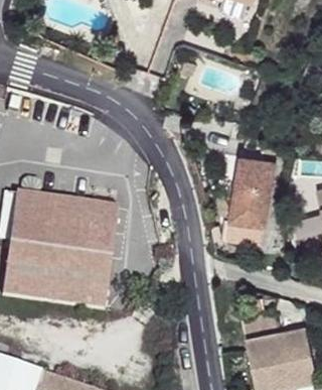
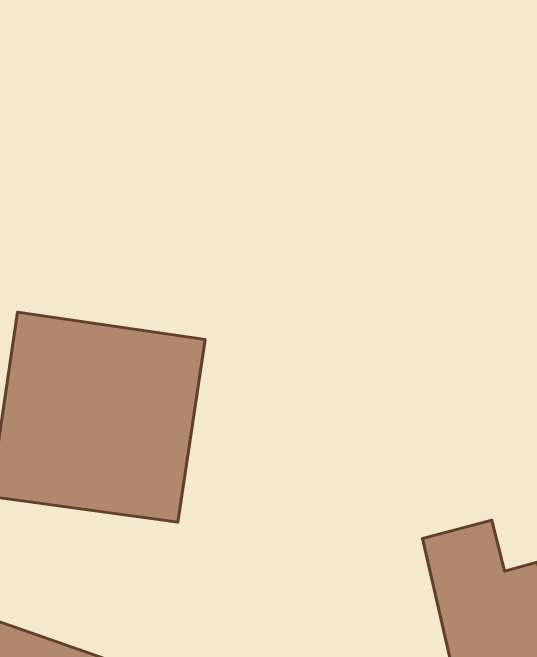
building: [226,157,273,229] -> none

